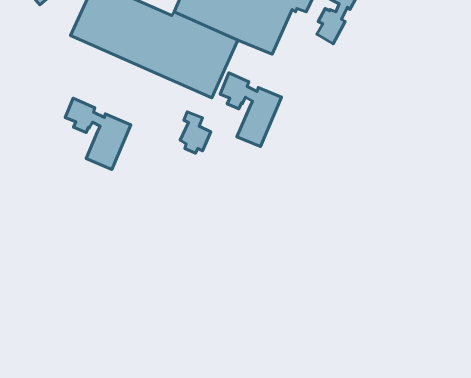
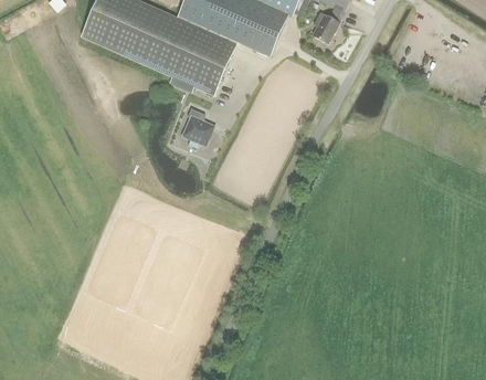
building: [220,73,281,147] -> none
building: [65,98,131,169] -> none

